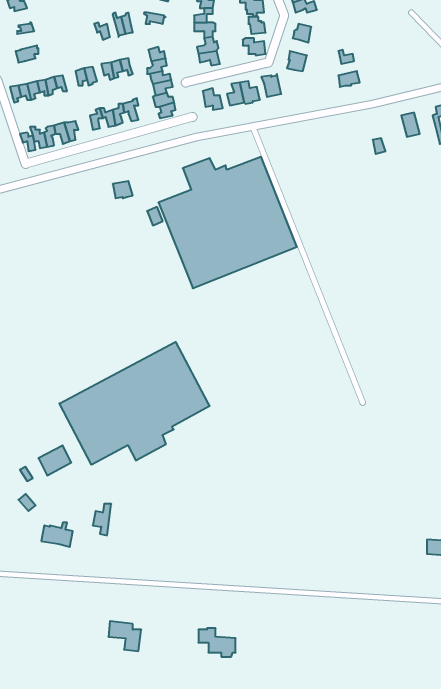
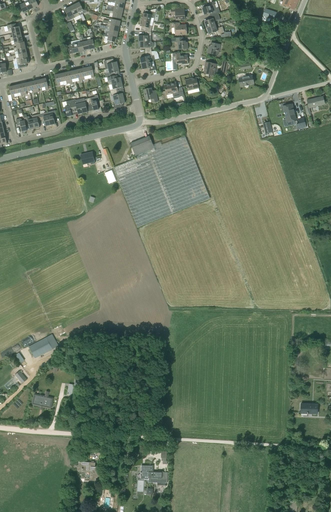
building: [59,342,210,465] -> none

